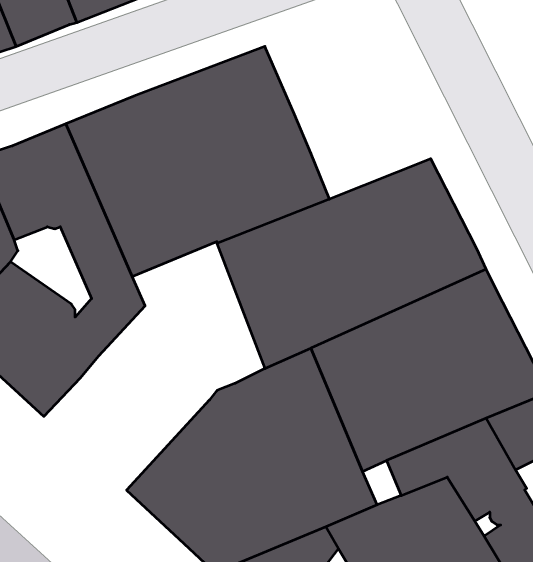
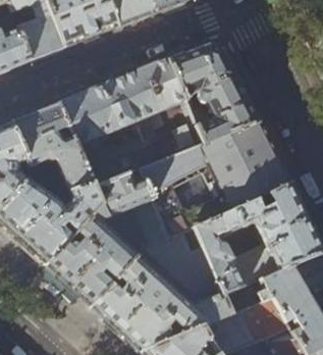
building: none -> [167,44,259,145]
building: none -> [45,168,167,306]

